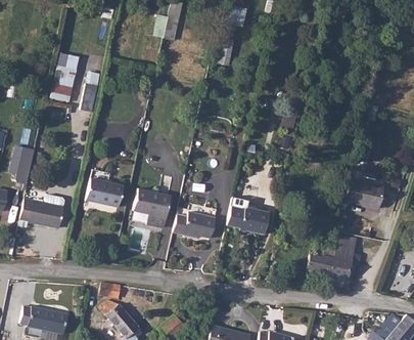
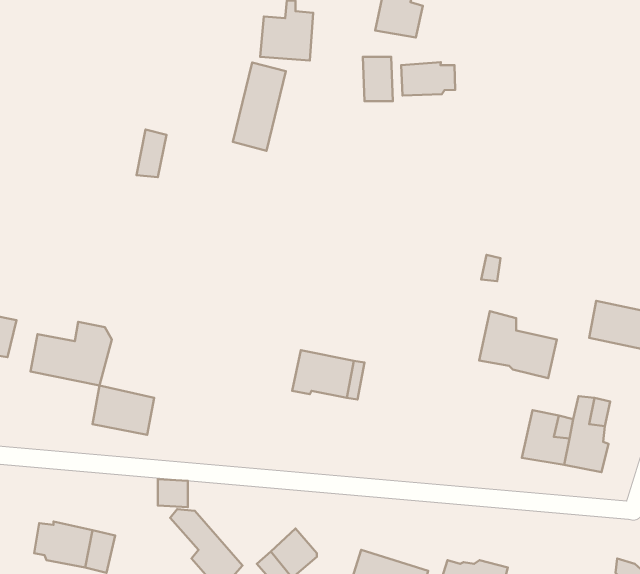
building: none -> [401,62,455,95]
building: [50,53,81,104] -> [233,62,286,151]
building: [12,142,37,181] -> none
building: [85,176,121,205] -> [92,385,154,435]
building: [134,186,169,224] -> none
building: [228,194,273,232] -> [479,311,557,378]

